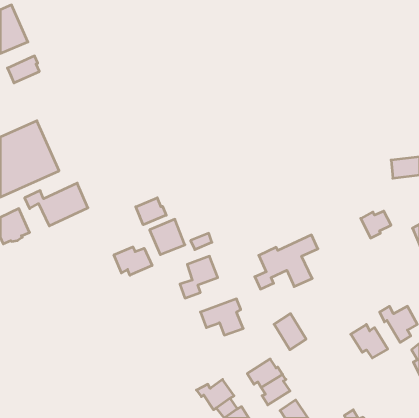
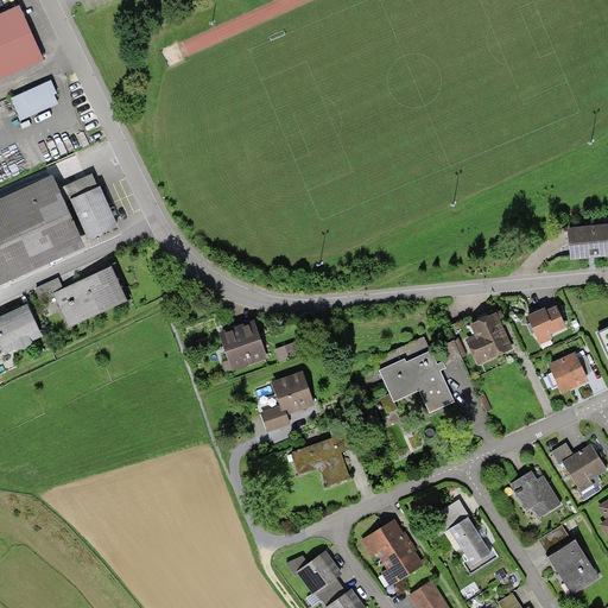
building: none -> [66,172,120,239]
building: [136,198,166,225] -> none
building: none -> [464,310,509,365]
building: none -> [544,352,593,395]
building: [114,247,152,275] -> none
building: [274,314,306,350] -> [445,514,492,566]
building: none -> [538,524,597,593]

